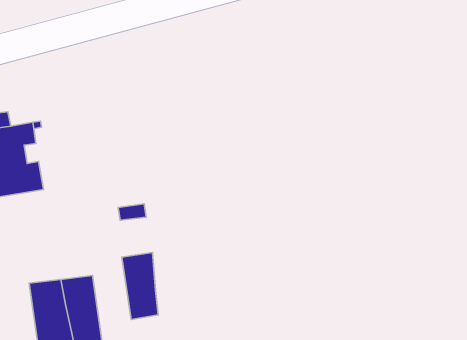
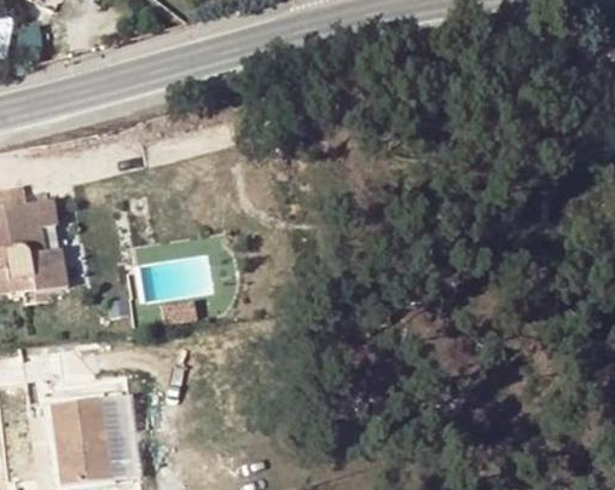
building: [122,252,158,320] -> none

